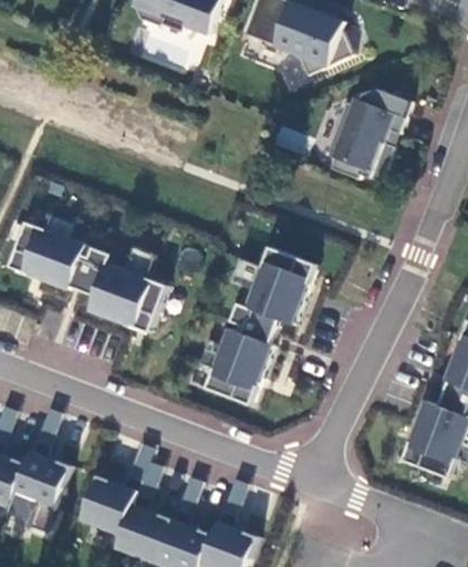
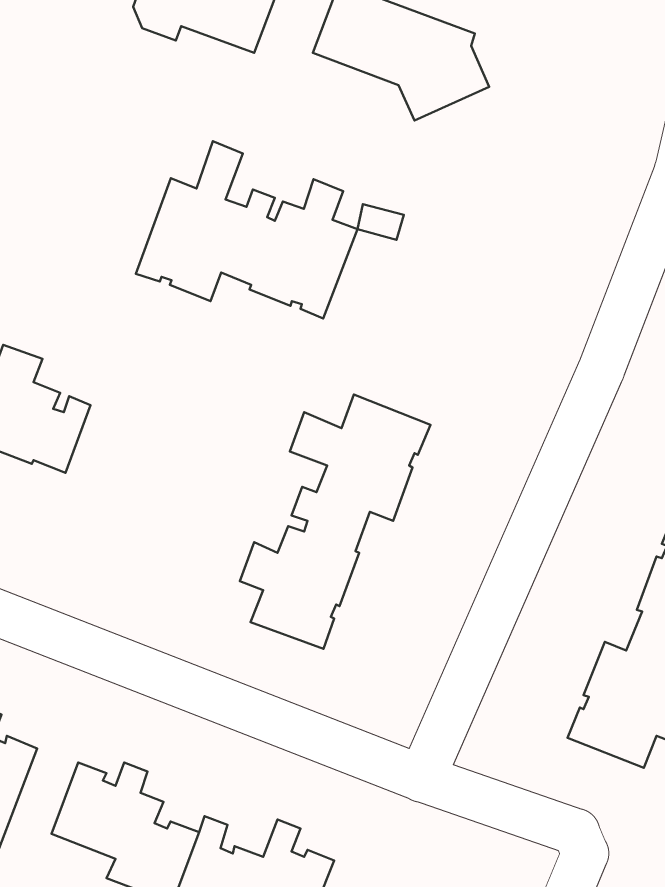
building: none -> [136,141,357,319]
building: [324,90,408,182] -> none
building: [89,246,166,332] -> none

